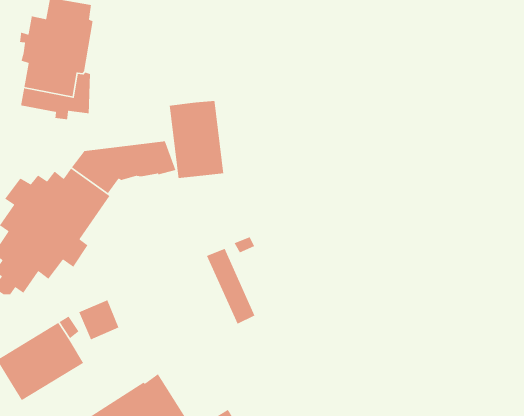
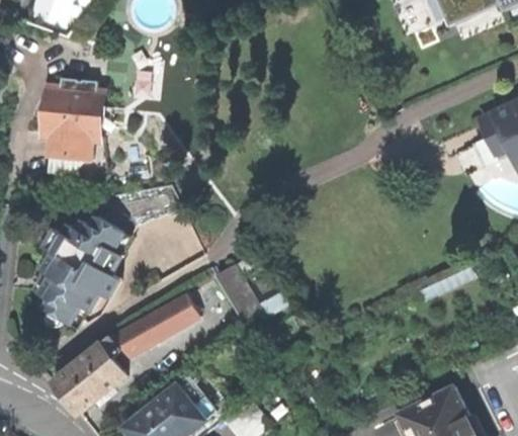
building: [169,100,224,179] -> none
building: none -> [139,293,199,343]

